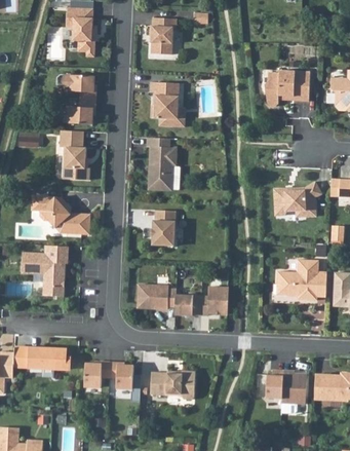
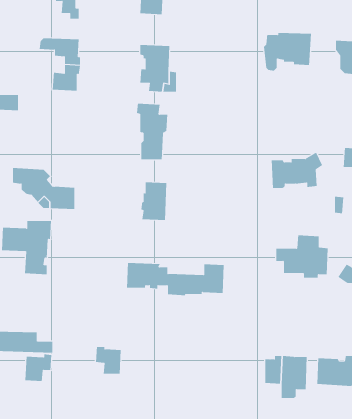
building: [60,133,89,182] -> none
building: [84,363,110,388] -> [25,354,52,381]
building: [150,374,195,403] -> none

